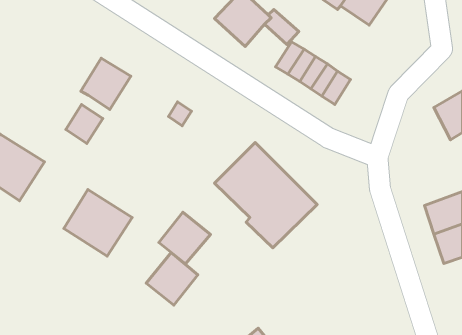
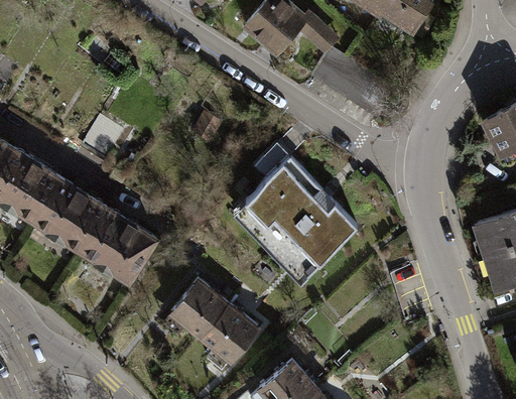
building: [81,58,131,109] -> none
building: none -> [32,179,107,252]
building: [159,212,211,264] -> [201,302,257,359]

